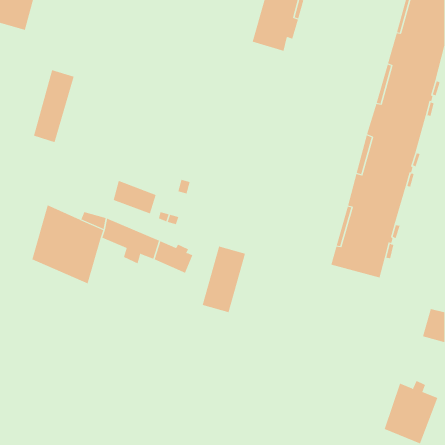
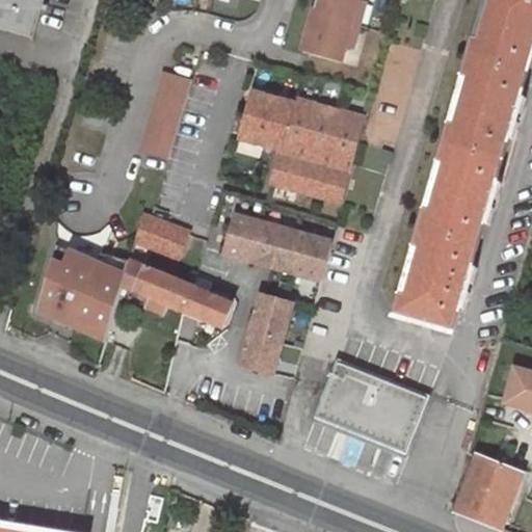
building: [33,69,74,143] -> [140,70,189,157]
building: none -> [237,91,361,201]
building: none -> [223,216,329,280]
building: none -> [314,363,426,453]

